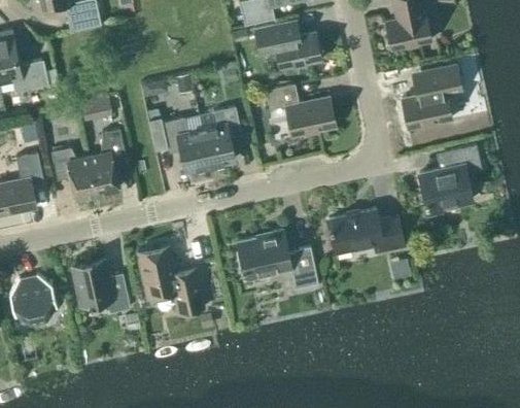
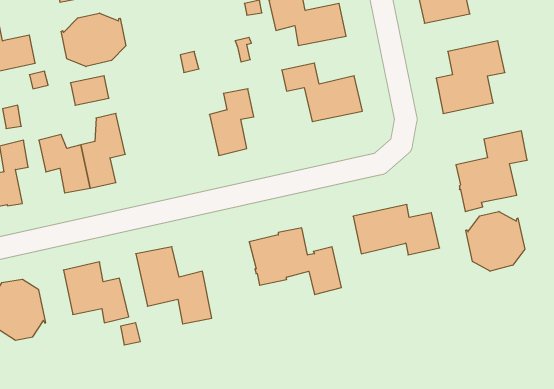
building: none -> [61,13,126,67]
building: [150,118,210,171] -> none
building: none -> [466,211,525,271]

